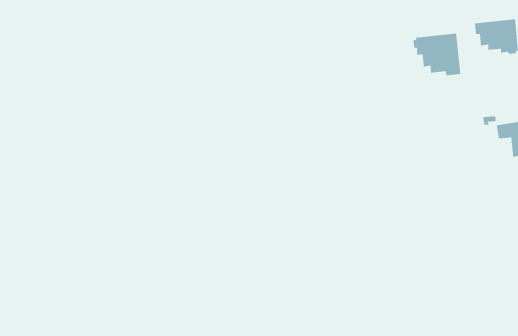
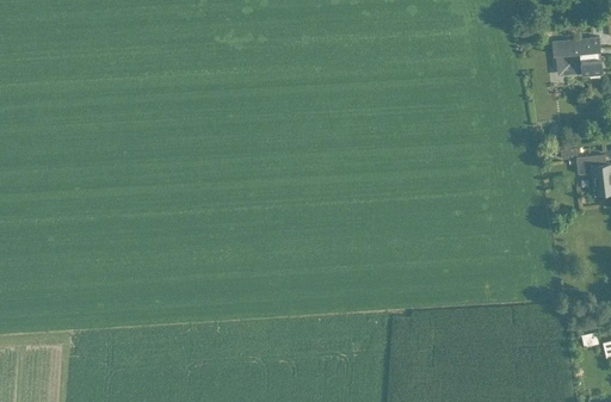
building: [413,33,461,76] -> none

